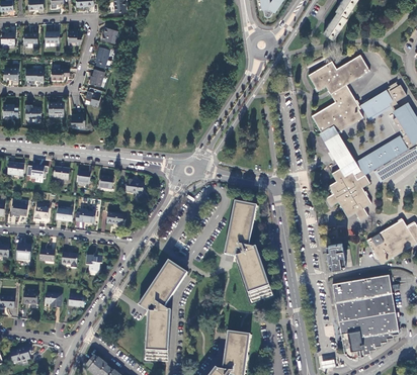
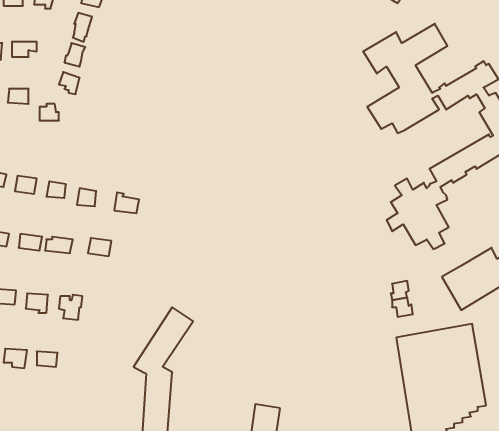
building: [319,127,354,168] -> none
building: [226,203,269,300] -> none

